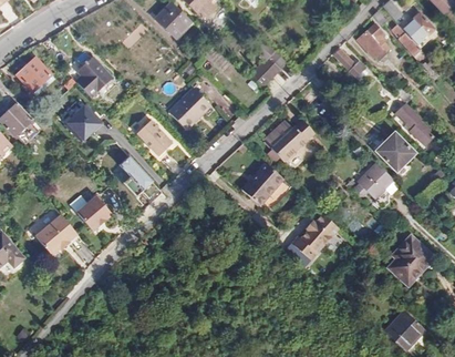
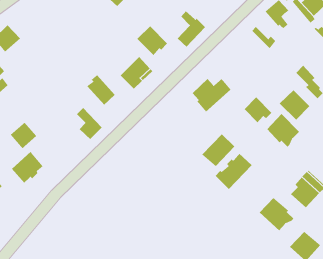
building: [76,55,112,95] -> none
building: none -> [137,26,168,56]
building: [61,100,100,137] -> none
building: none -> [244,97,272,123]
building: [241,165,283,207] -> [202,133,235,167]
building: [76,196,111,231] -> [10,122,37,149]
building: none -> [259,197,294,231]

